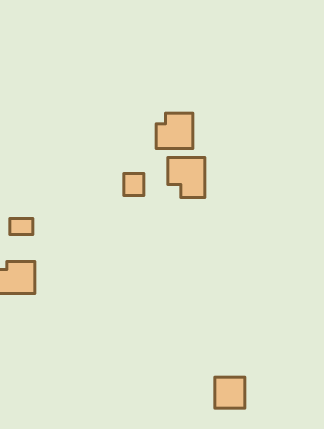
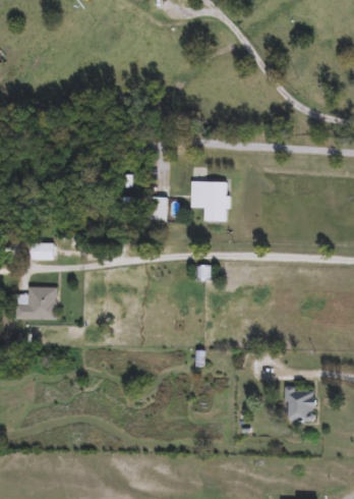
building: [156,113,193,149] -> none
building: [215,377,245,408] -> [285,388,315,420]

